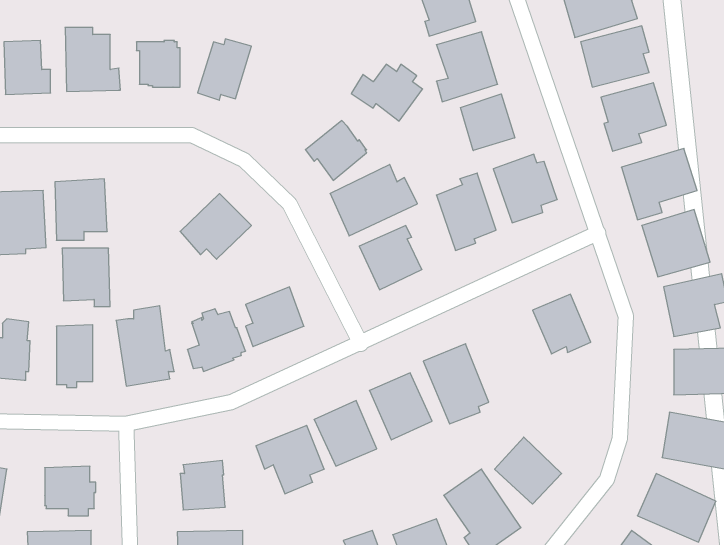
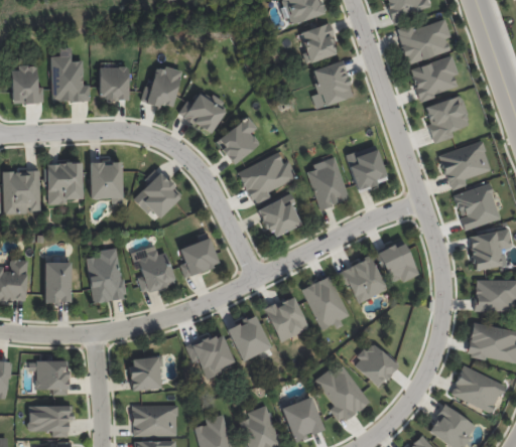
building: [351,64,423,121] -> [178,94,228,133]
building: [461,94,515,151] -> none
building: [62,248,110,307] -> [89,162,122,202]
building: none -> [336,256,386,304]

